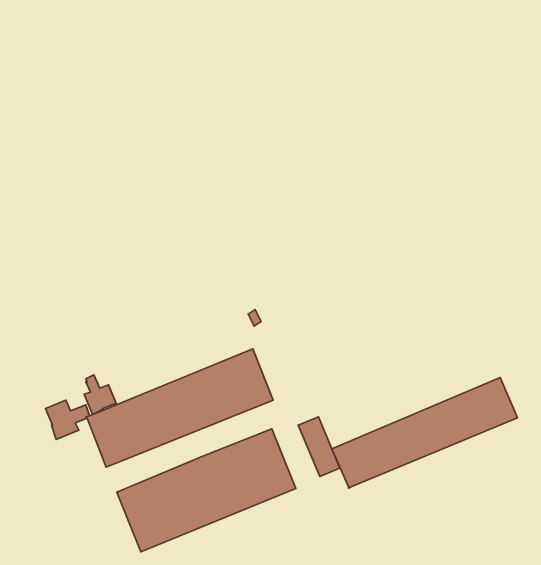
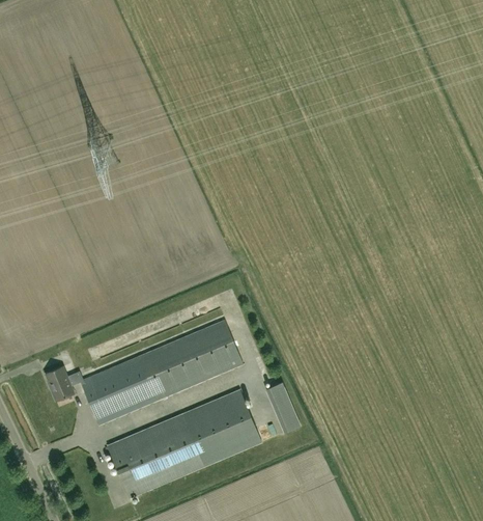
building: [84,375,116,415] -> none
building: [332,378,518,488] -> none

